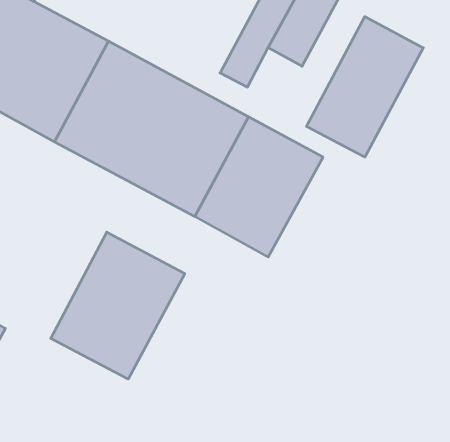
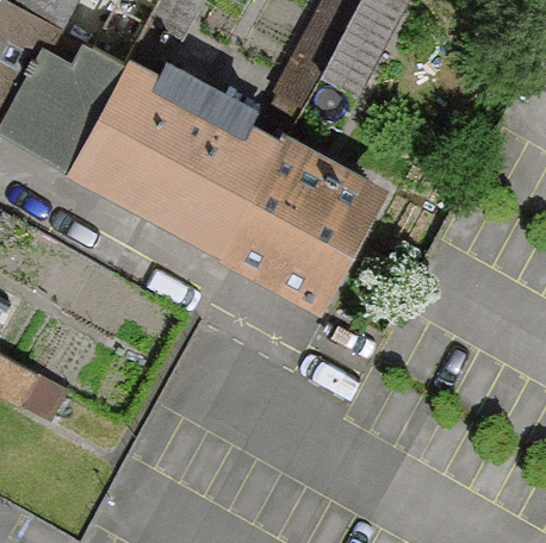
building: [307,17,423,157] -> none
building: [51,232,185,379] -> none

